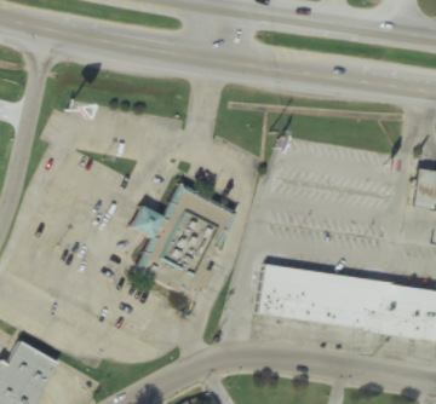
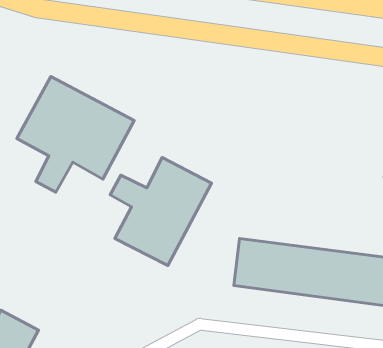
building: none -> [17,76,134,192]

